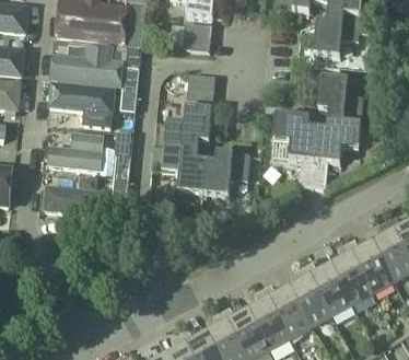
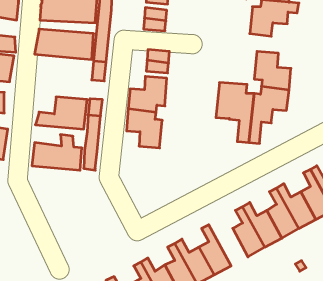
building: [54,92,102,123] -> none
building: [201,150,248,195] -> none
building: [261,282,309,337] -> none

